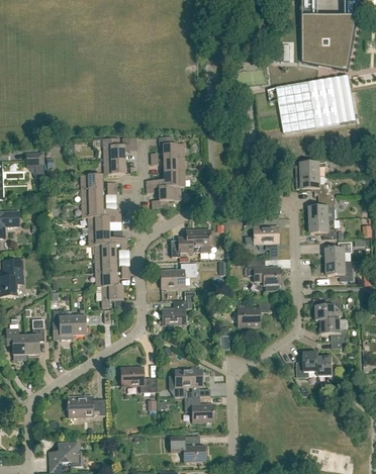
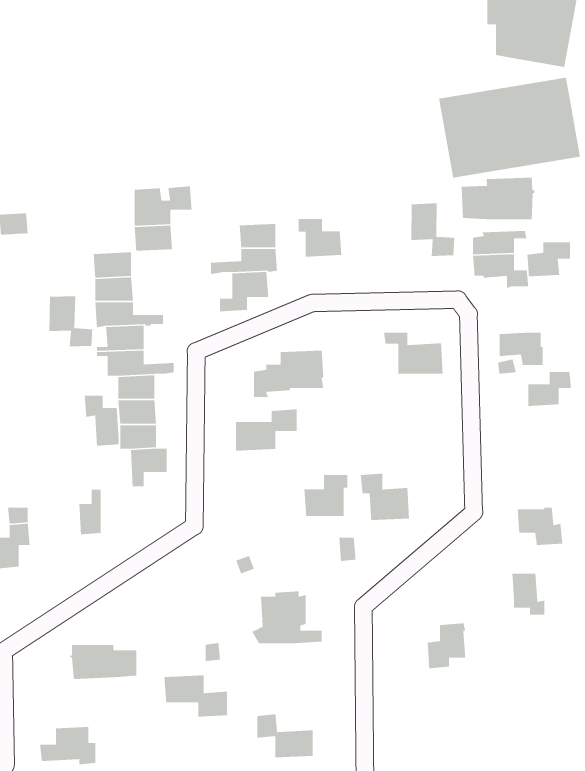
building: none -> [461,177,535,220]
building: [159,136,184,159] -> [298,218,342,257]
building: none -> [410,203,455,257]
building: none -> [48,295,93,347]
building: [309,200,335,220] -> [526,242,571,277]
building: [247,259,280,290] -> none
building: [326,261,353,281] -> none
building: [315,295,341,320] -> none
building: [162,300,187,324] -> [304,474,348,517]
building: [53,309,73,339] -> [84,395,119,446]
building: [296,351,318,377] -> [427,623,466,669]
building: [120,368,157,392] -> [164,675,228,717]
building: [184,396,214,421] -> none

